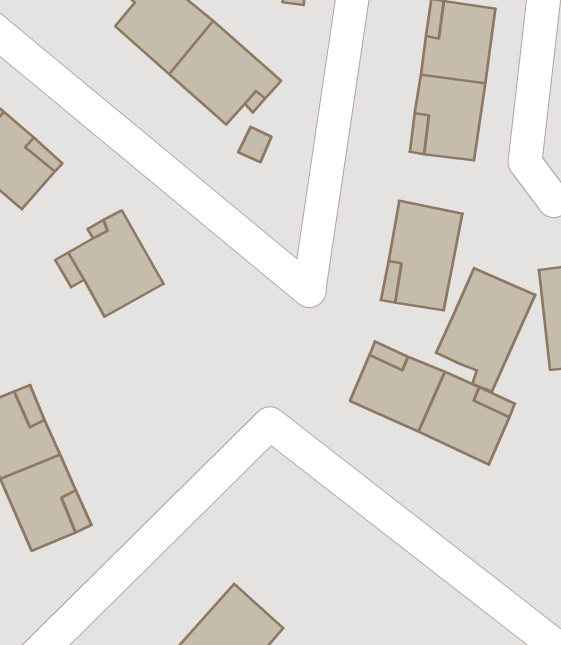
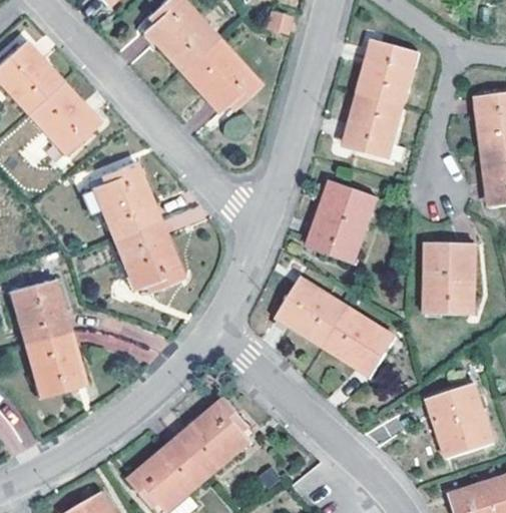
building: [436,268,535,392] -> none
building: none -> [111,217,180,287]
building: none -> [179,396,252,474]

